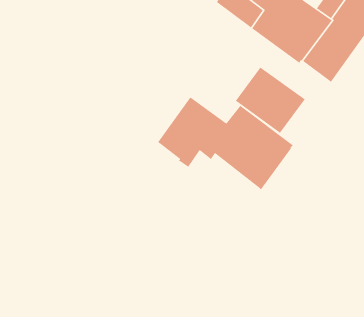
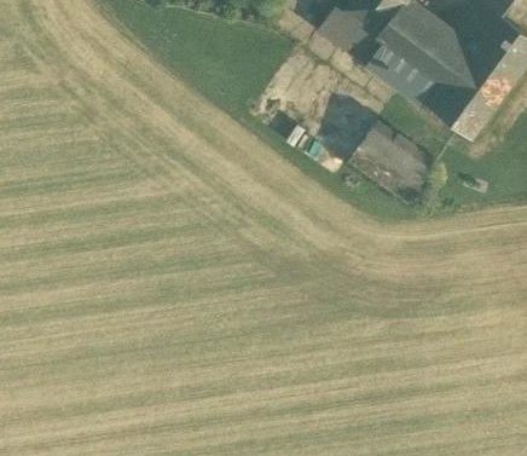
building: [157,97,294,190] -> none

